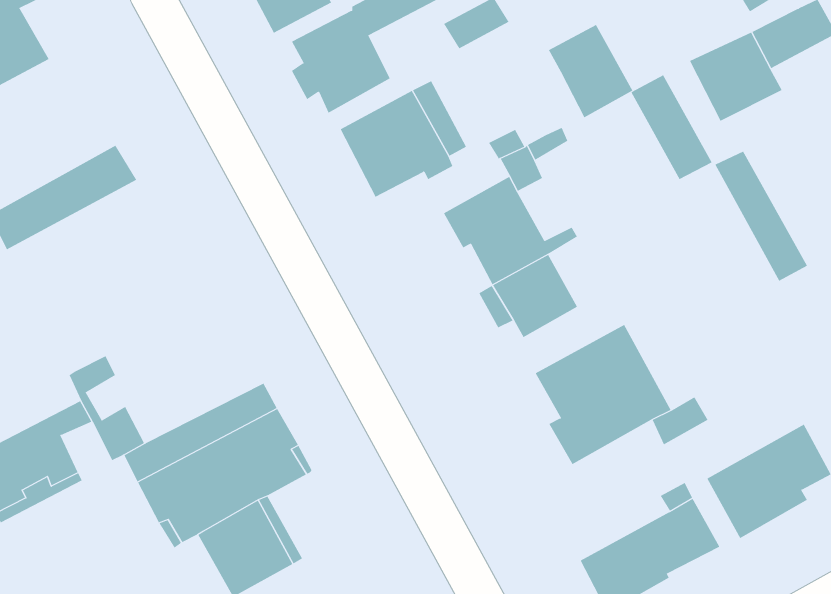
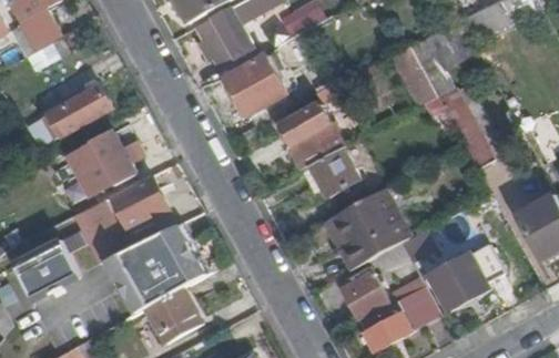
building: [548,24,633,118] -> none
building: none -> [69,131,134,195]
building: none -> [111,175,166,228]
building: none -> [343,272,389,318]

